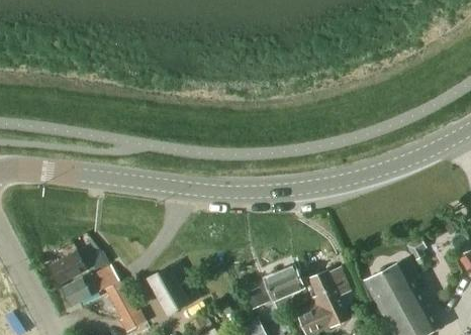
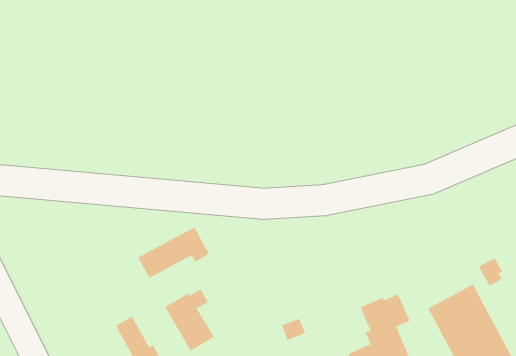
building: [49,247,93,284] -> none
building: [61,263,120,306] -> [137,227,210,278]
building: [263,264,302,307] -> none

